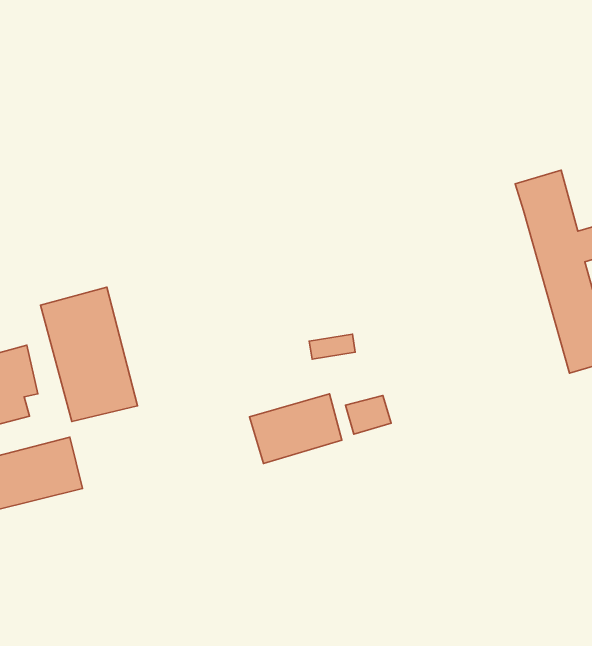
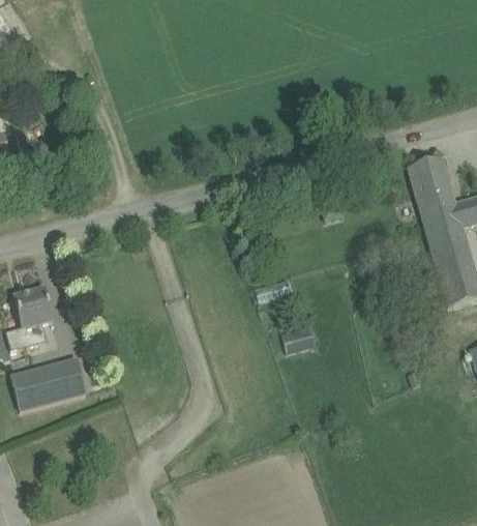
building: [41,287,138,422] -> none
building: [250,394,342,463] -> none

